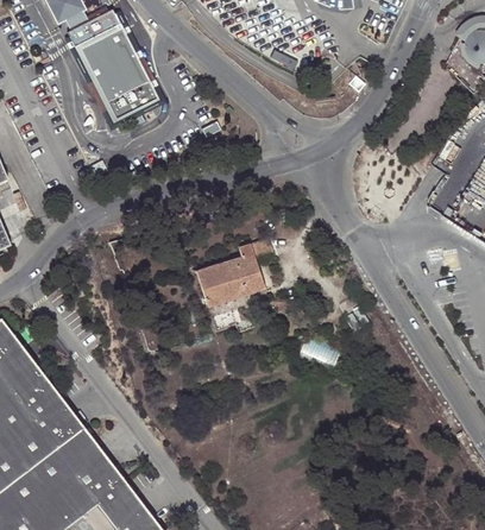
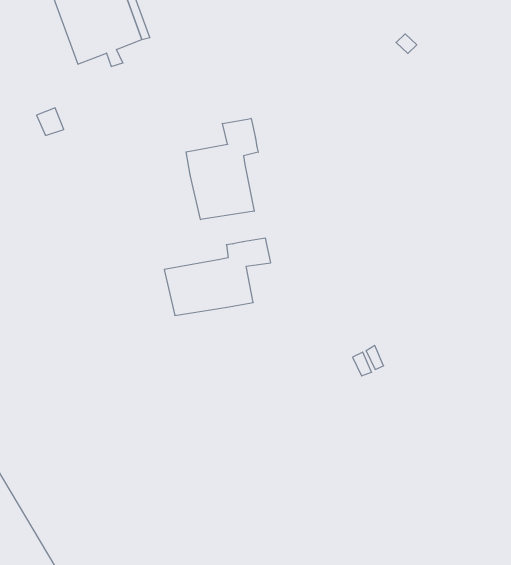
building: none -> [186,118,258,220]

